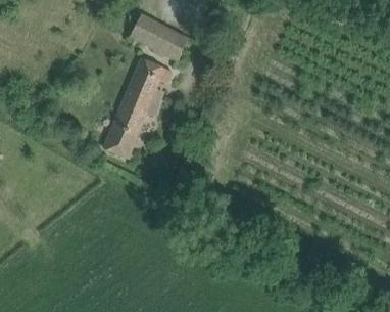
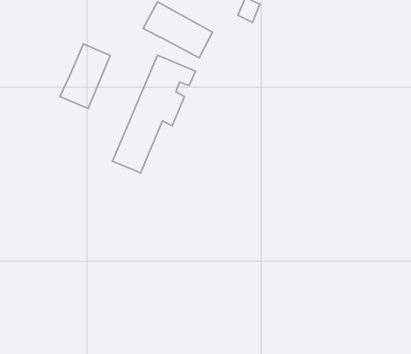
building: none -> [60,44,110,108]

